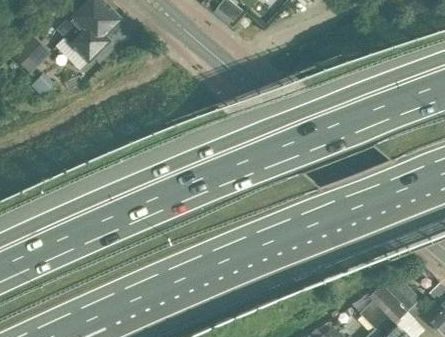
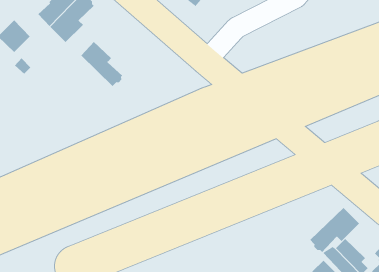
building: none -> [80,41,123,87]
building: none -> [309,207,360,253]

